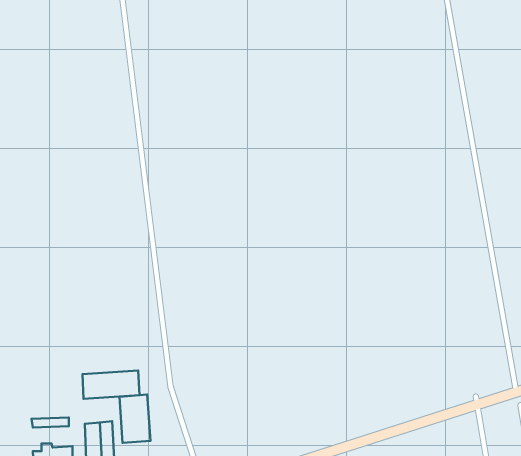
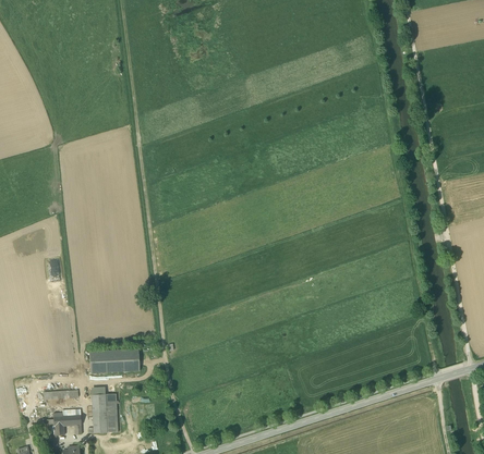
building: [120,395,150,443] -> none

